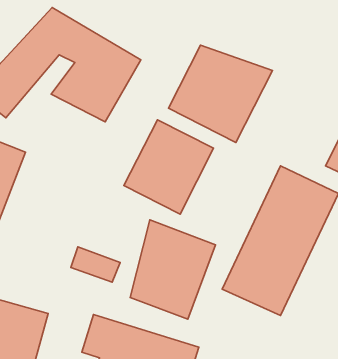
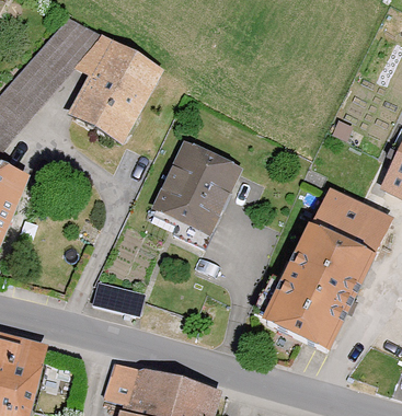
building: [169,45,273,142] -> none
building: [130,220,215,319] -> none

